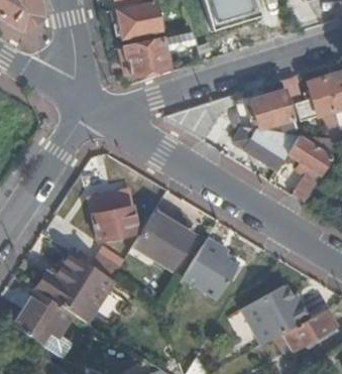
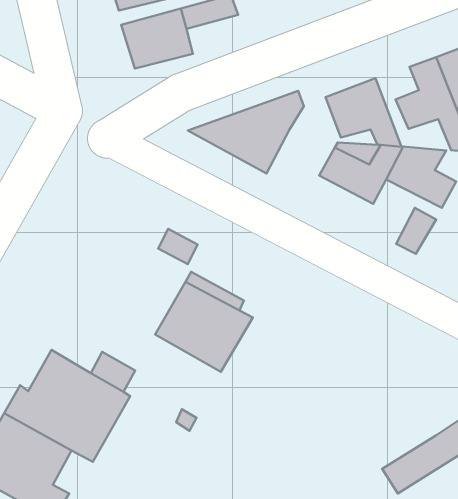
building: [91,191,137,242] -> none
building: [184,238,240,300] -> none
building: [241,285,309,346] -> none

